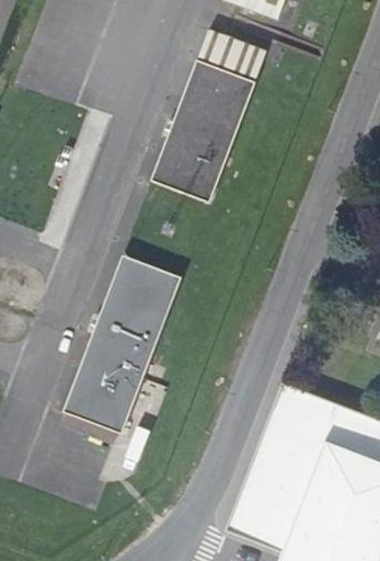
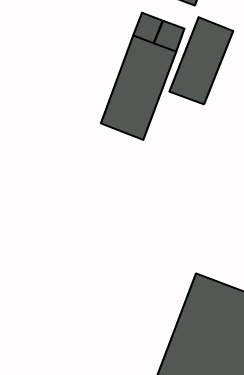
building: none -> [169,17,233,104]
building: [64,255,181,433] -> none

